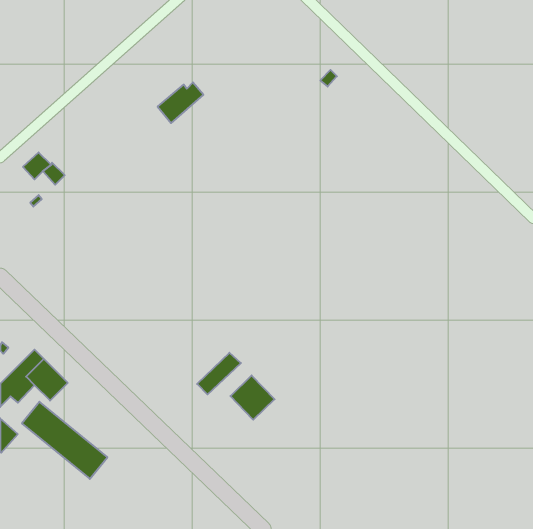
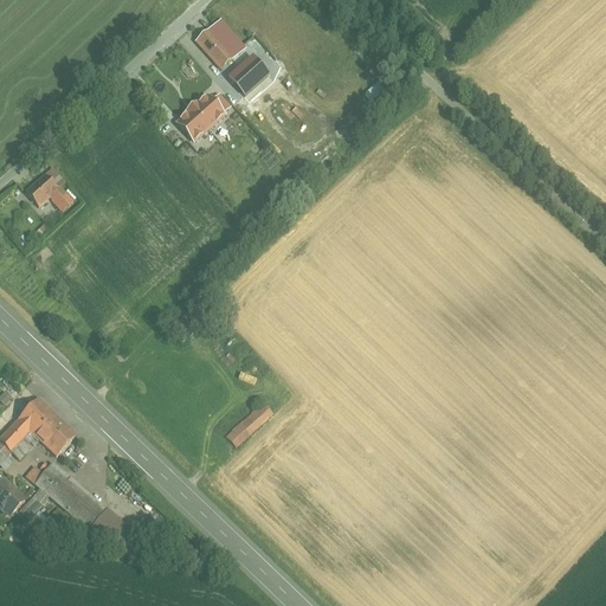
building: none -> [195,20,241,67]
building: none -> [228,53,264,89]
building: [230,375,275,420] -> none

